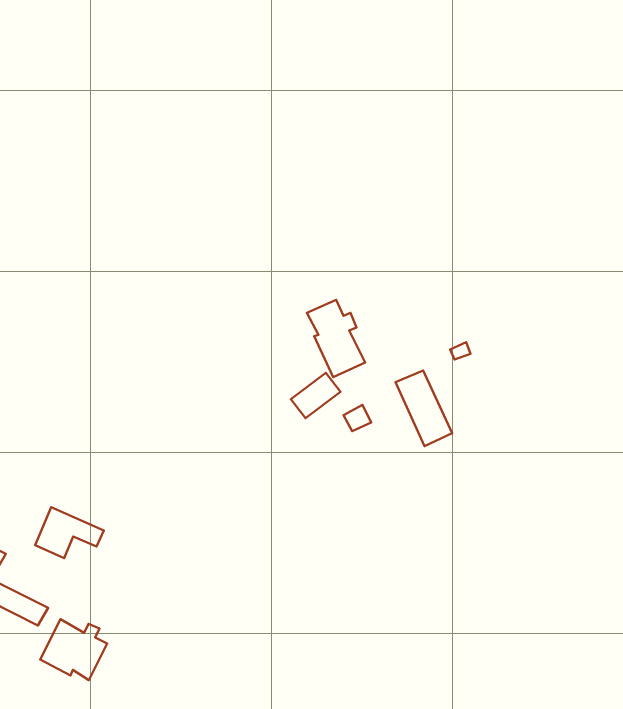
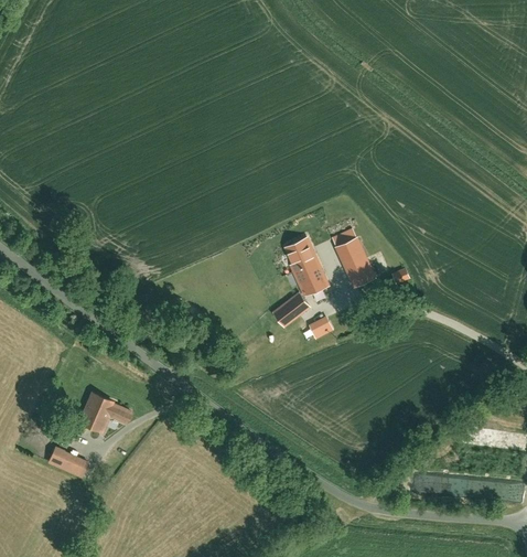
building: [395,370,452,446] -> [332,228,375,286]
building: [40,619,107,680] -> none

